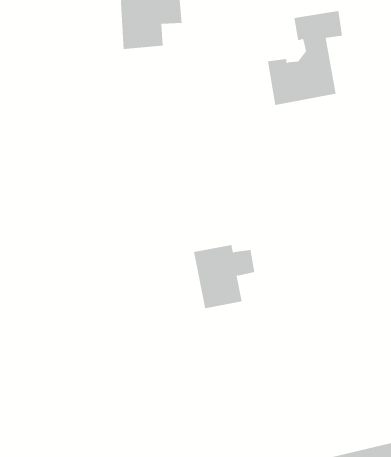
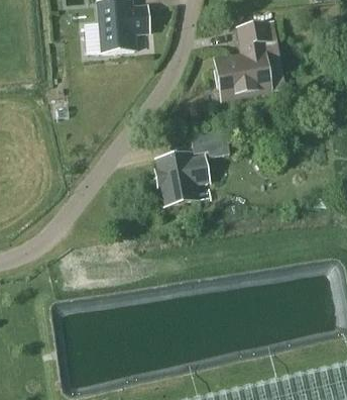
building: none -> [192,133,229,161]
building: [193,244,255,309] -> [157,159,207,210]

